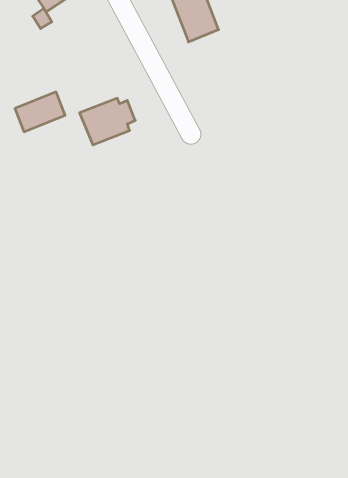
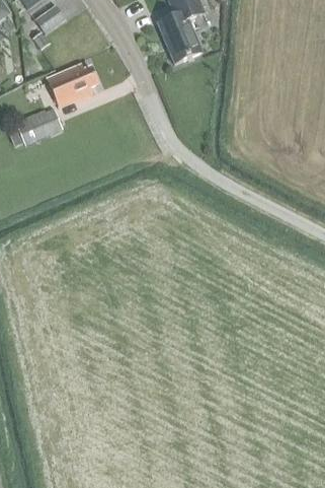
building: [80,98,135,145] -> [47,63,97,106]

